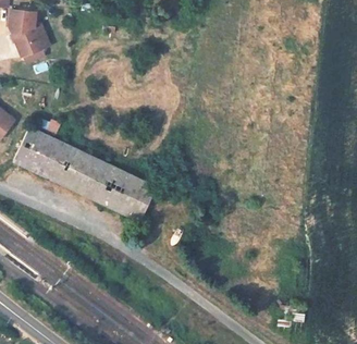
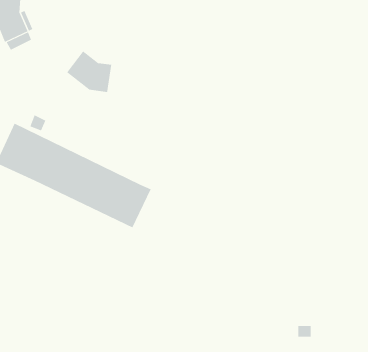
building: none -> [66,50,112,93]

